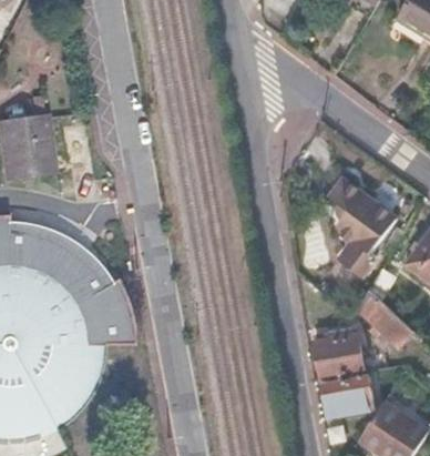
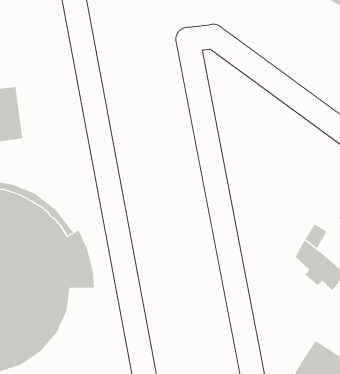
building: [327,174,396,275] -> none
building: [315,330,366,377] -> none
building: [325,376,375,414] -> none

